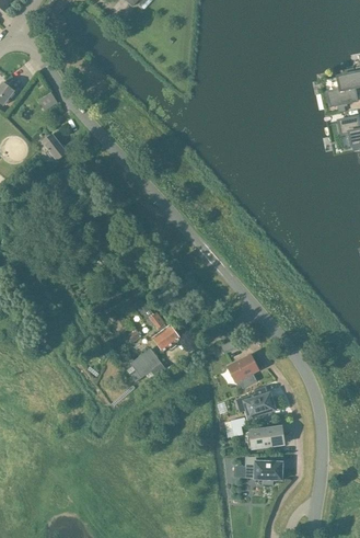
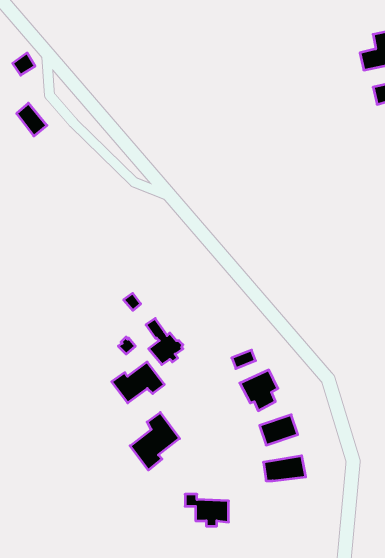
building: none -> [130,412,180,470]
building: [246,456,282,482] -> [185,494,229,526]

